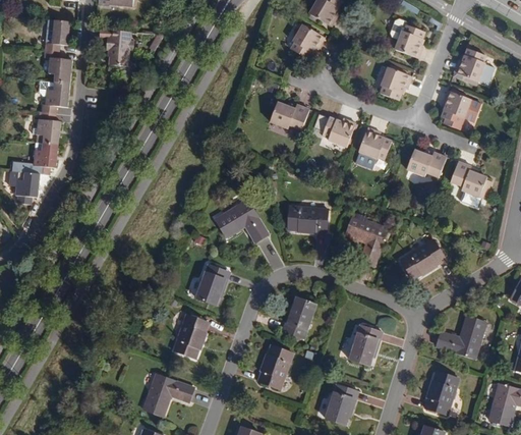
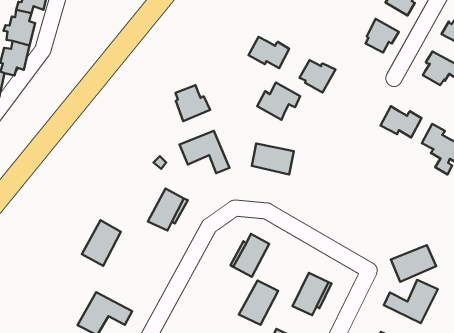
building: [358,127,391,159] -> none
building: none -> [257,83,300,120]
building: none -> [175,85,210,121]
building: [345,214,387,265] -> none
building: [397,238,442,278] -> [391,245,436,282]
building: [173,313,208,357] -> [82,220,121,266]
building: [258,344,293,387] -> [239,281,278,325]

